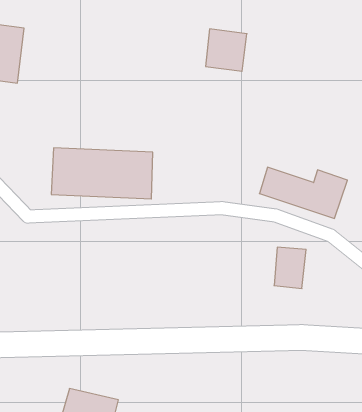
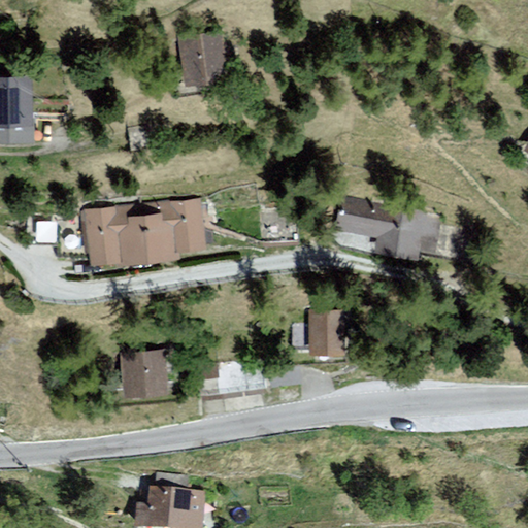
building: [206,29,247,71] -> [172,37,217,82]
building: [274,247,306,289] -> [315,307,349,354]
building: none -> [109,354,154,398]

